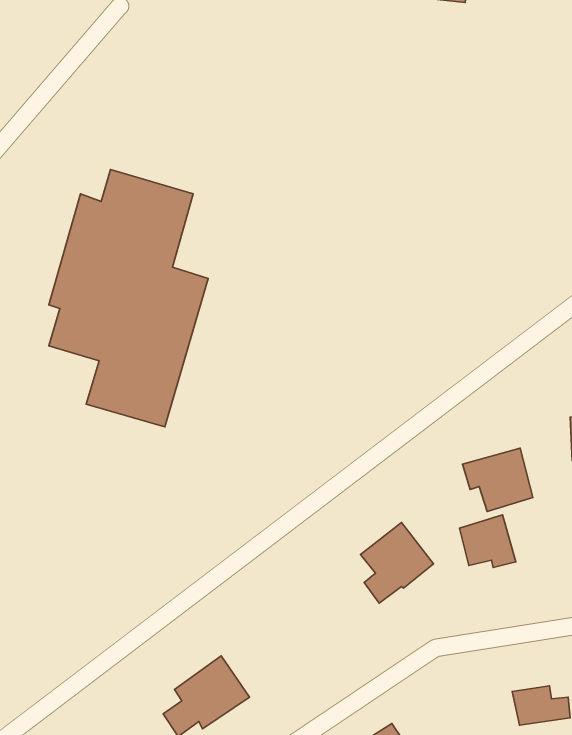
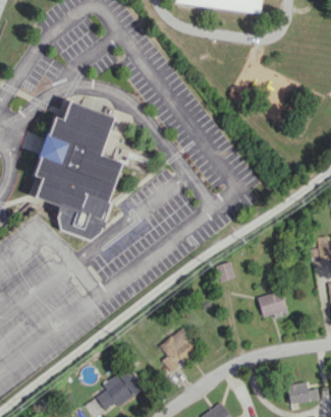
building: [462,448,533,512] -> none
building: [360,523,434,603] -> [160,327,200,371]

